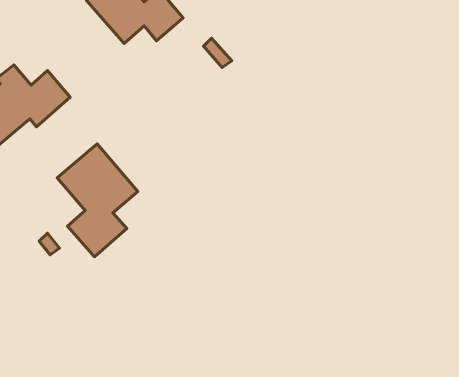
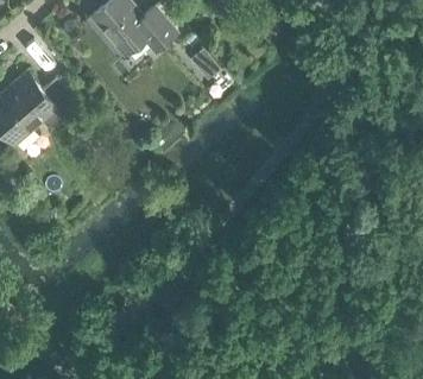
building: [57,144,138,257] -> none

